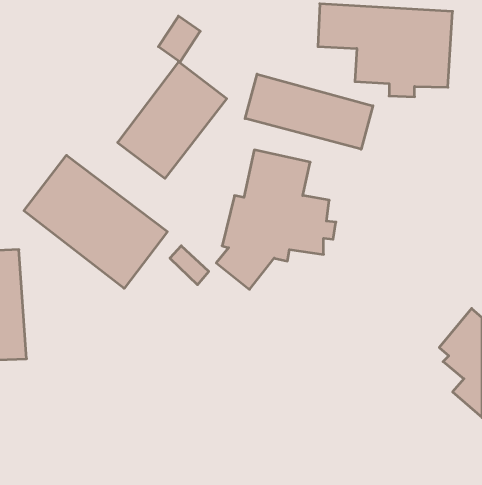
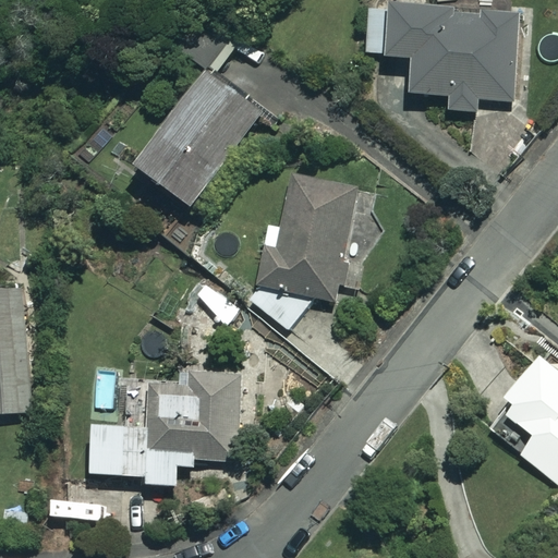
building: [245,74,373,149] -> none
building: [24,155,167,288] -> none
building: none -> [88,372,242,485]

